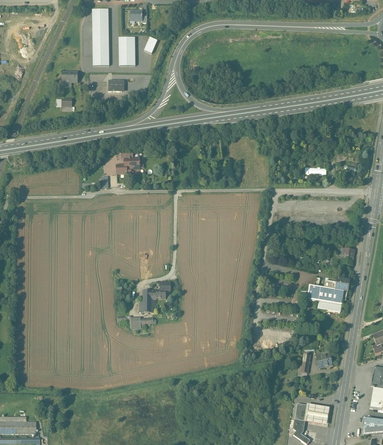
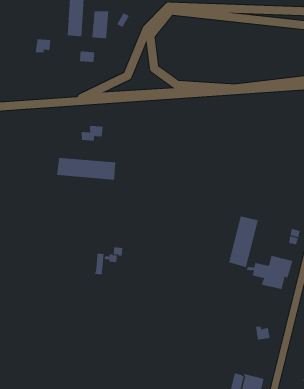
building: none -> [57,157,116,180]
building: none -> [228,215,258,268]

